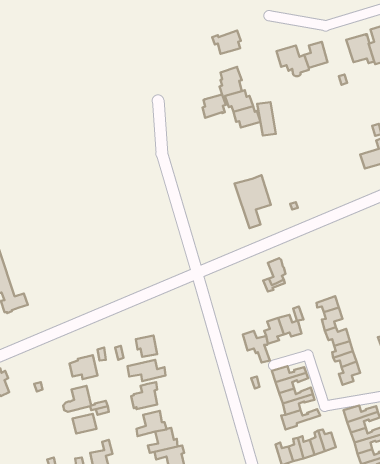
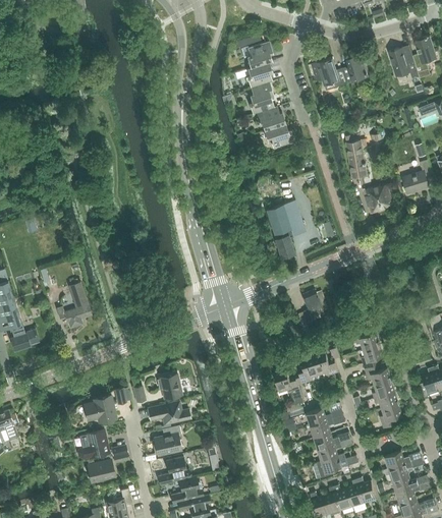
building: [202,95,226,118] -> [246,62,272,88]
building: [257,102,276,136] -> [345,140,366,177]
building: none -> [363,184,393,214]
building: none -> [55,282,91,328]

